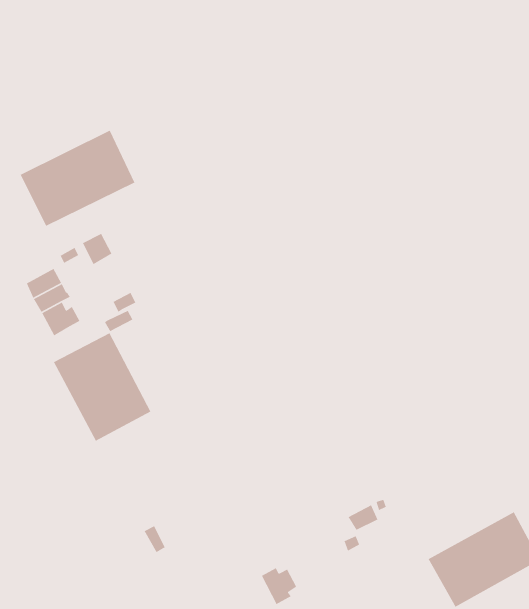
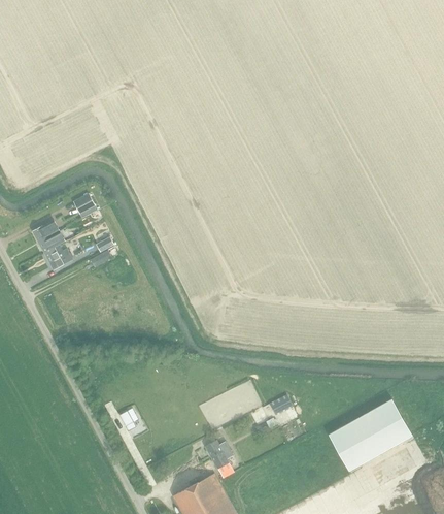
building: [20,129,136,227] -> none
building: [53,332,151,442] -> none

